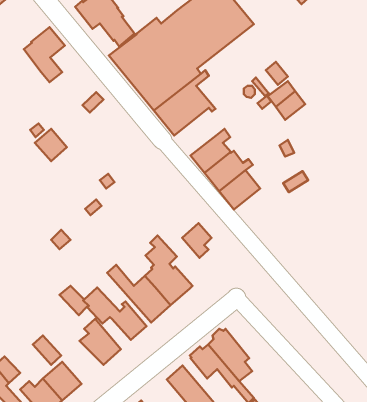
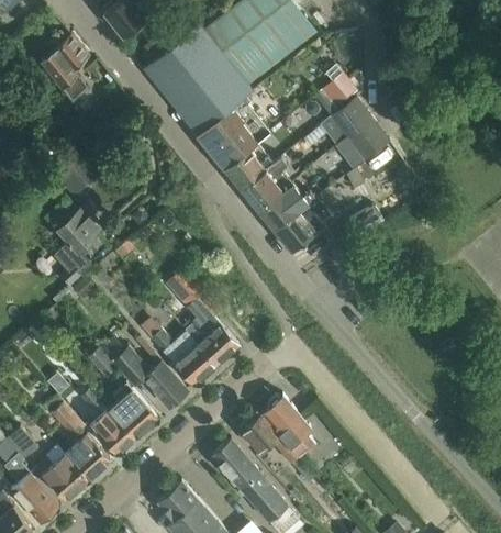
building: none -> [354,126,390,160]
building: none -> [221,131,271,188]
building: none -> [54,204,103,287]
building: [182,223,211,258] -> [166,266,201,308]
building: none -> [80,389,136,456]

